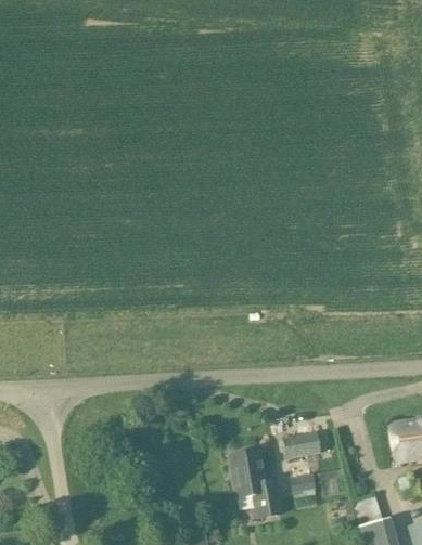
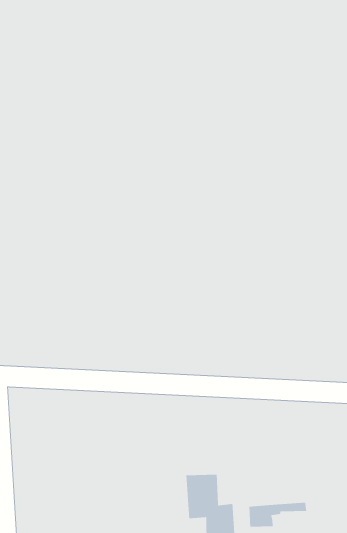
building: [281,431,332,459] -> none

